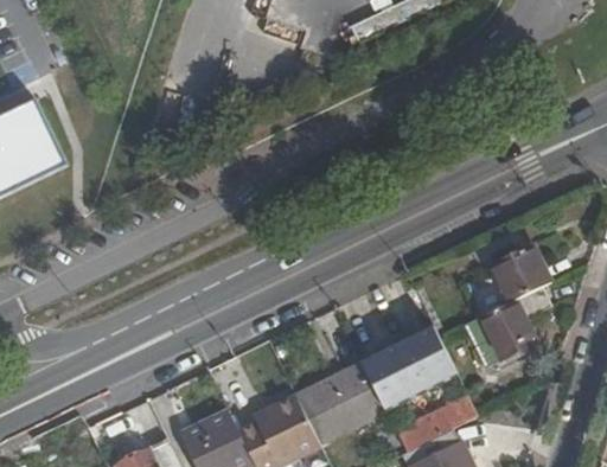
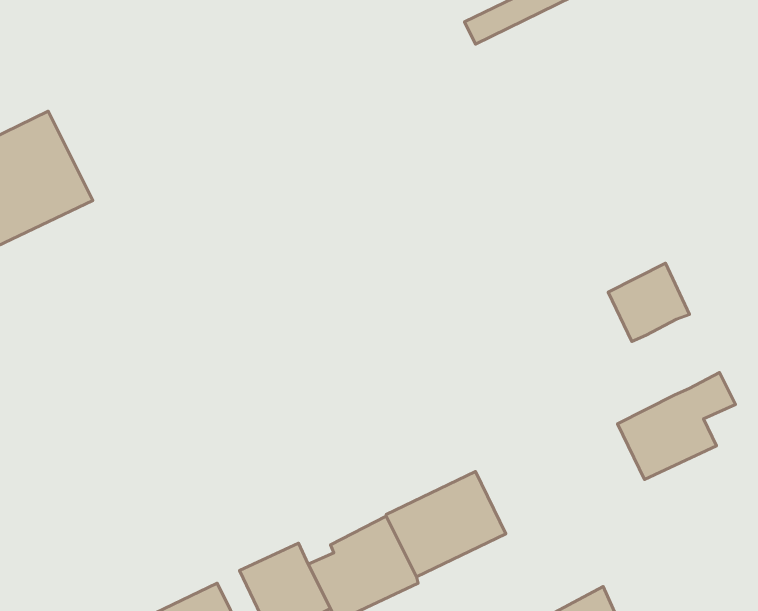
building: [490,247,550,305] -> [608,263,689,341]
building: [359,327,453,409] -> none
building: [394,398,474,455] -> none

